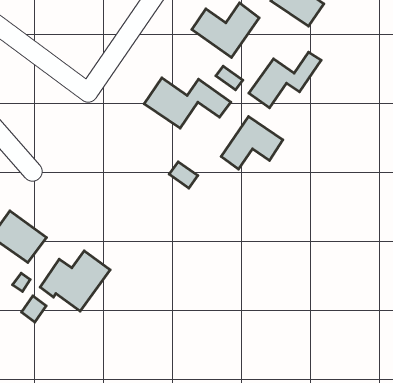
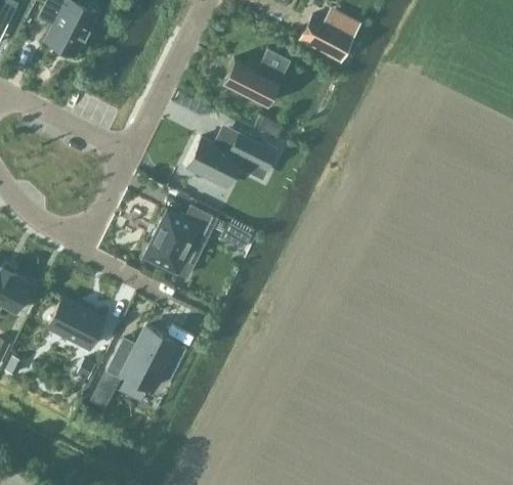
building: [249,52,321,108] -> none
building: [221,116,283,169] -> none
building: none -> [143,206,218,278]

